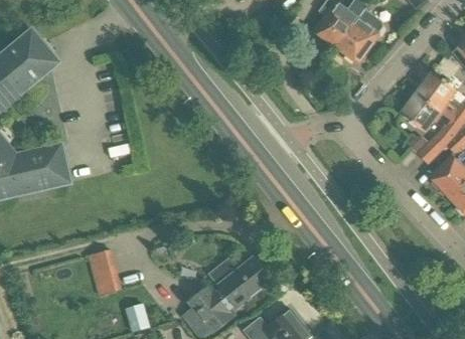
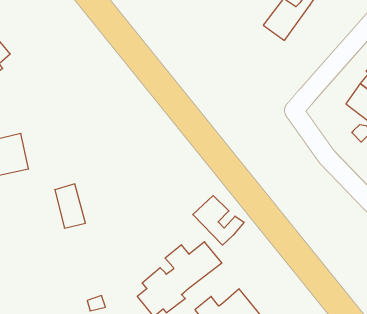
building: [336,10,381,62] -> none
building: none -> [193,196,244,245]
building: [90,250,122,297] -> [55,184,85,228]

